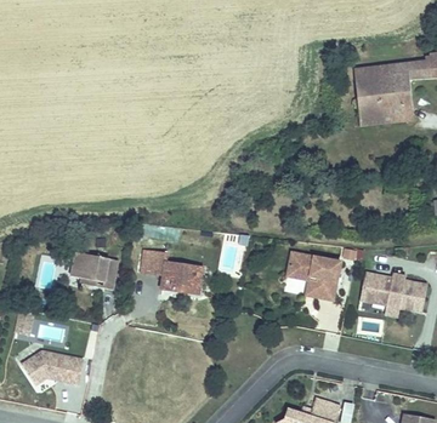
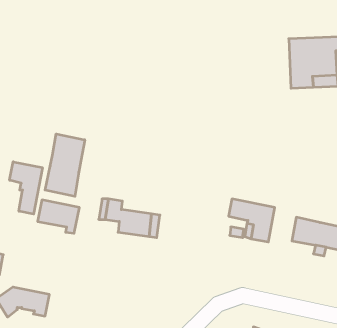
building: none -> [45,134,85,196]
building: none -> [10,162,42,214]

